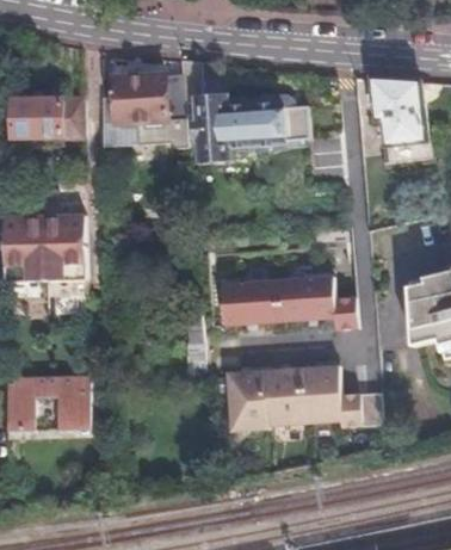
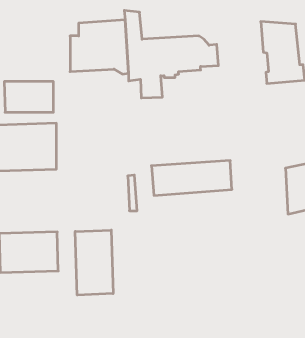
building: [13,95,82,138] -> [4,82,53,112]
building: [223,363,377,428] -> none
building: none -> [75,230,113,295]

